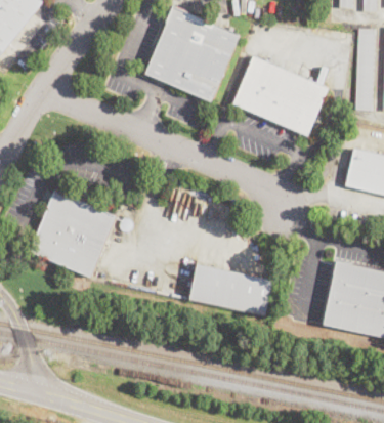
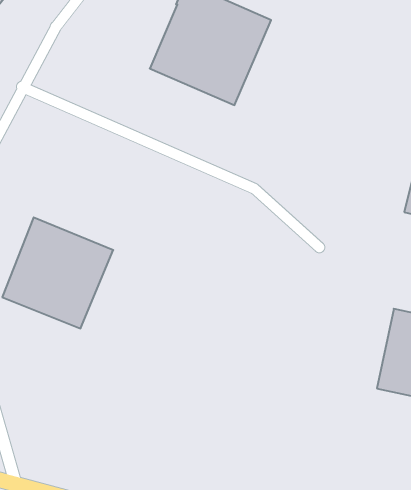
building: [233,56,328,135] -> none
building: [189,264,272,315] -> none

